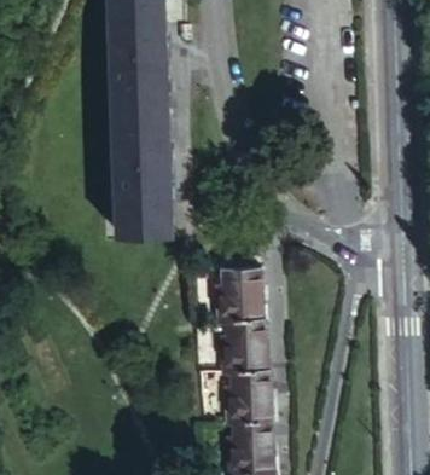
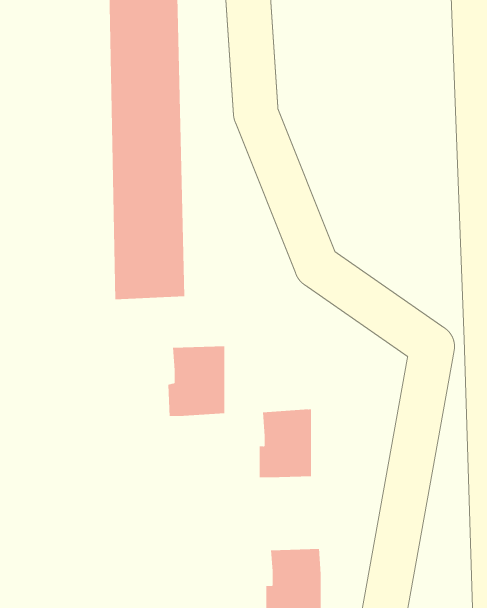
building: [219,270,262,323] -> [167,346,225,417]
building: [227,371,271,427] -> none

